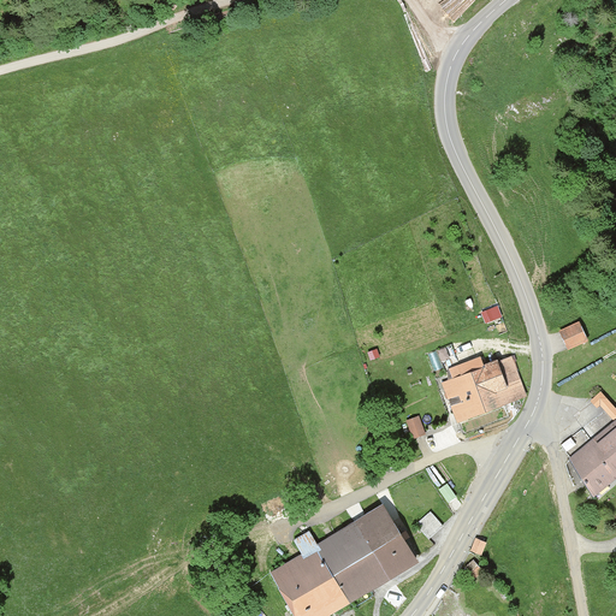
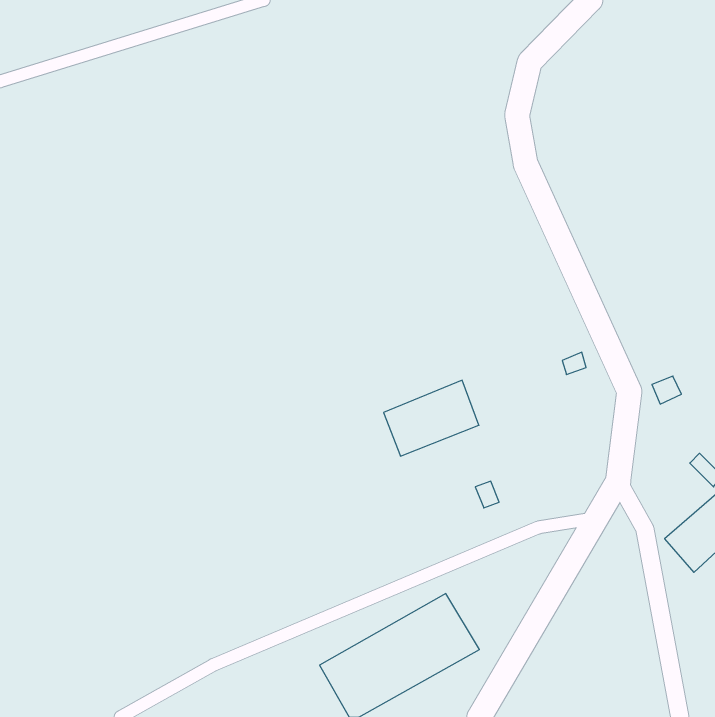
building: [439,357,521,422] -> [384,380,479,456]

